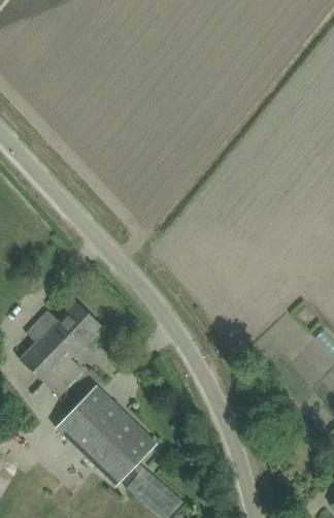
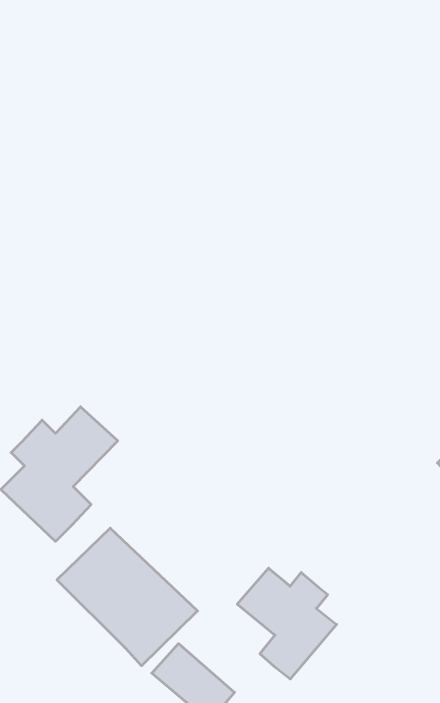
building: none -> [237,568,337,679]

